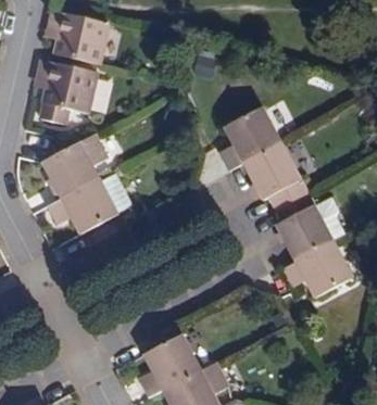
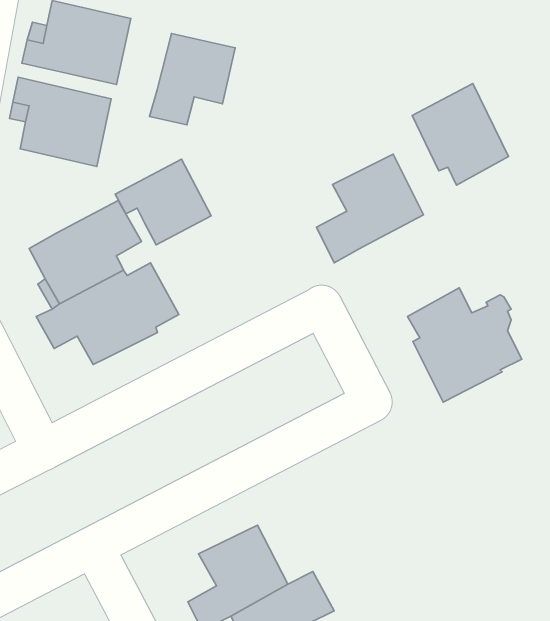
building: none -> [149,33,235,125]
building: none -> [115,159,211,245]
building: [247,144,305,206] -> [412,83,508,185]
building: [280,240,351,299] -> none

